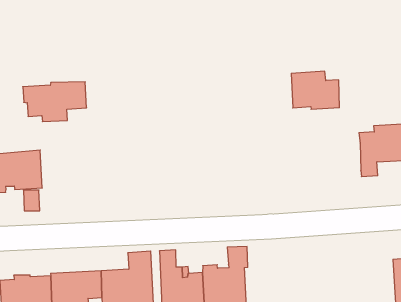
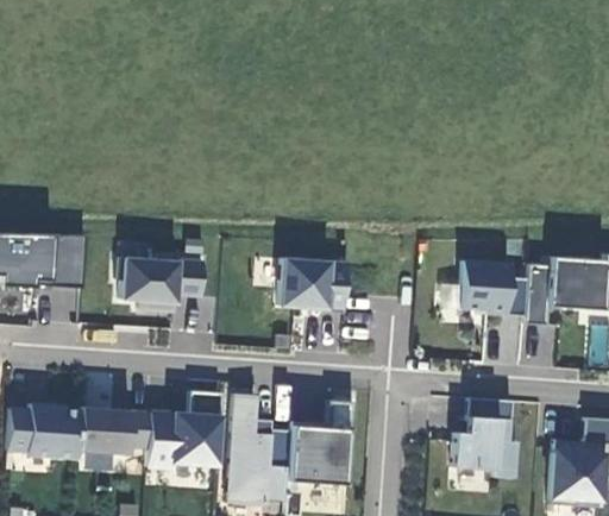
building: [291,71,339,109] -> [459,262,527,316]
building: [23,82,87,122] -> [115,256,203,310]
building: none -> [277,258,346,313]
building: none -> [451,398,517,479]

